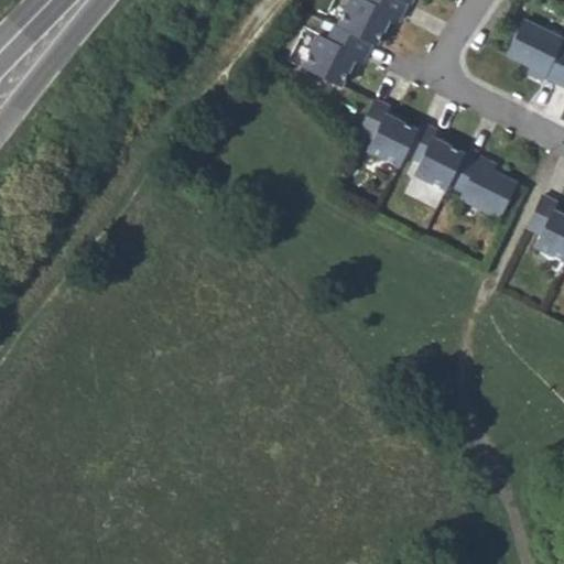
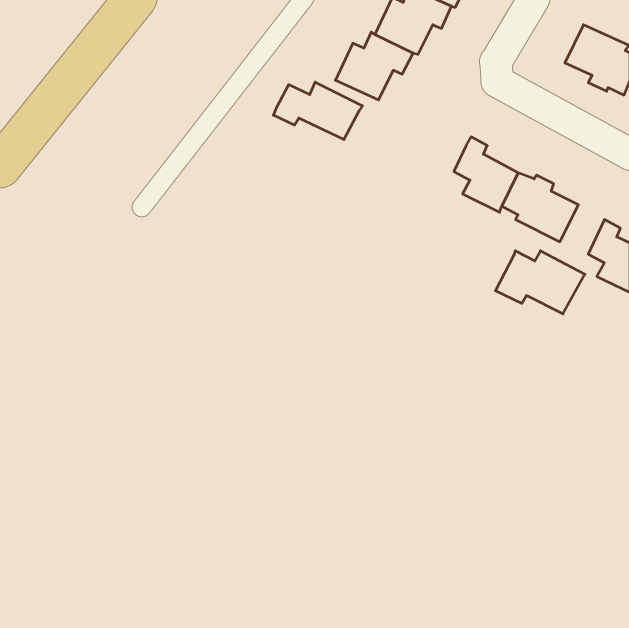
building: none -> [273,82,362,140]
building: [359,99,417,166] -> none
building: none -> [495,251,585,314]

